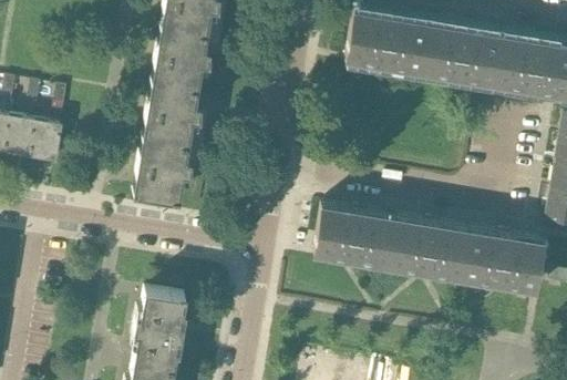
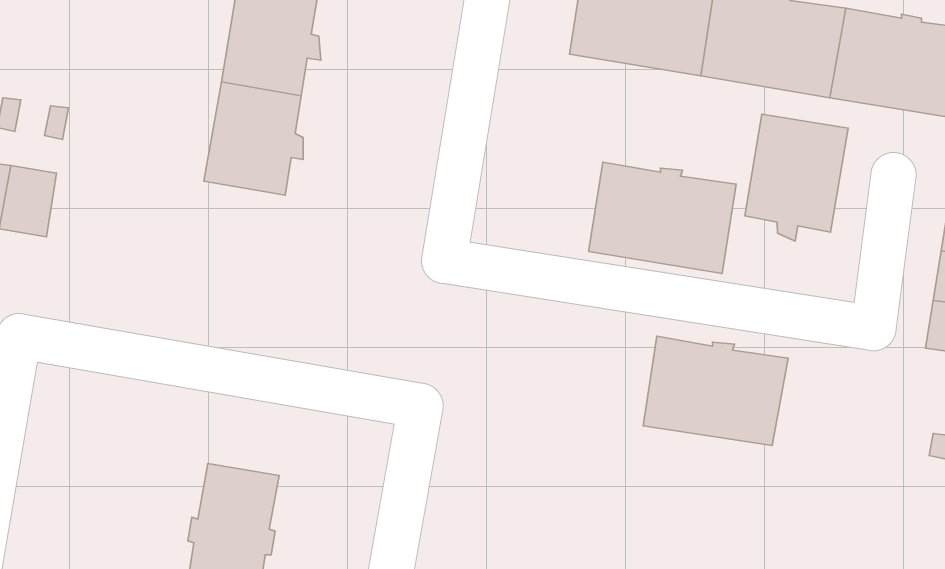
building: none -> [745,114,848,241]
building: [135,132,192,202] -> none
building: [316,206,398,268] -> [589,162,736,274]
building: [462,230,544,291] -> none

